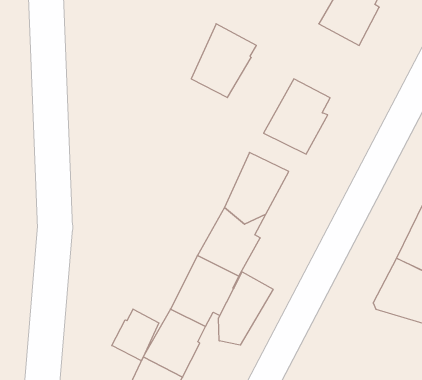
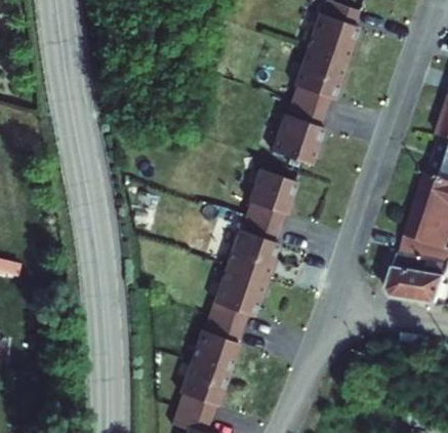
building: [191,24,256,98] -> [290,51,343,115]
building: [218,272,273,345] -> none
building: [112,309,159,361] -> none

